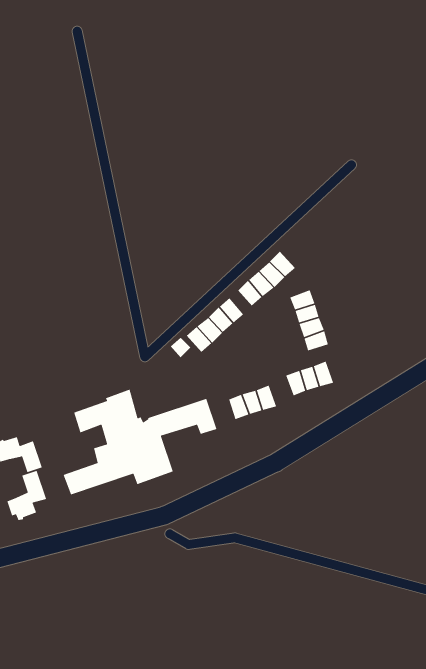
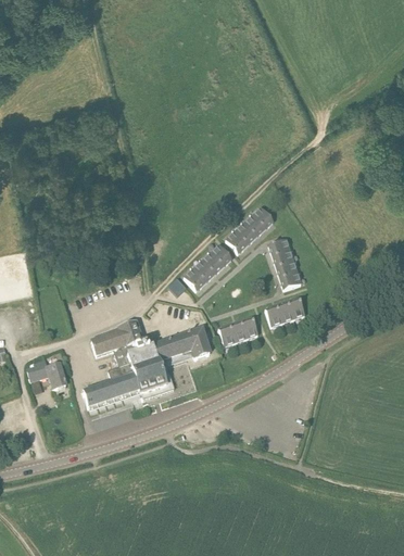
building: [6,470,47,521] -> none

